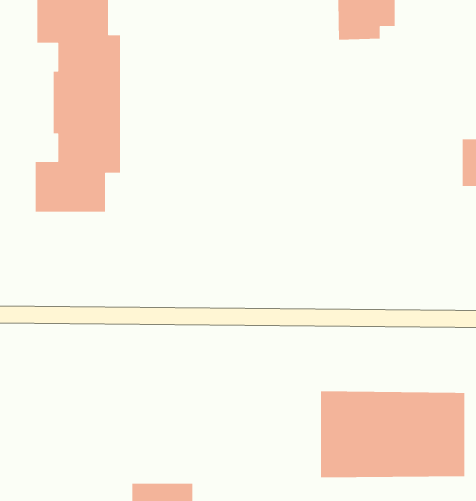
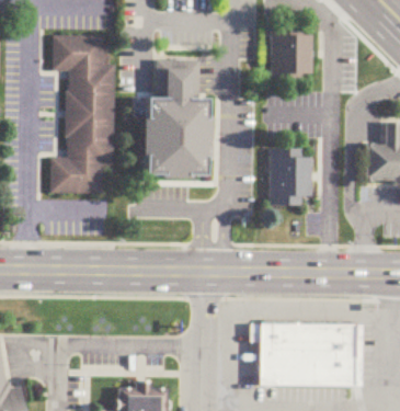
building: none -> [140,55,208,172]
building: none -> [270,149,312,207]

